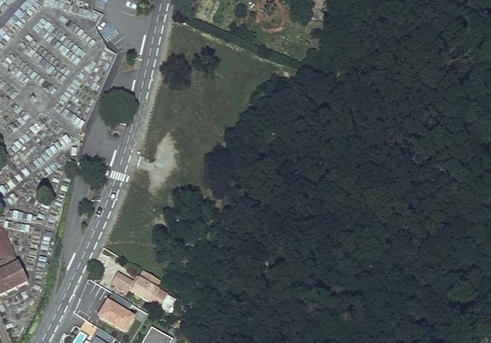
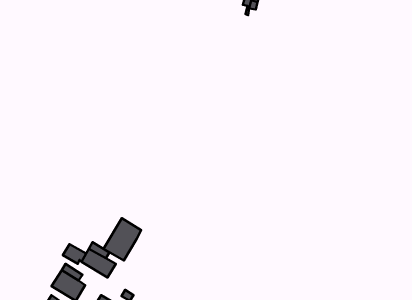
building: none -> [103,218,141,260]

